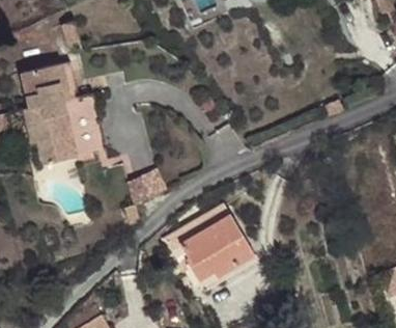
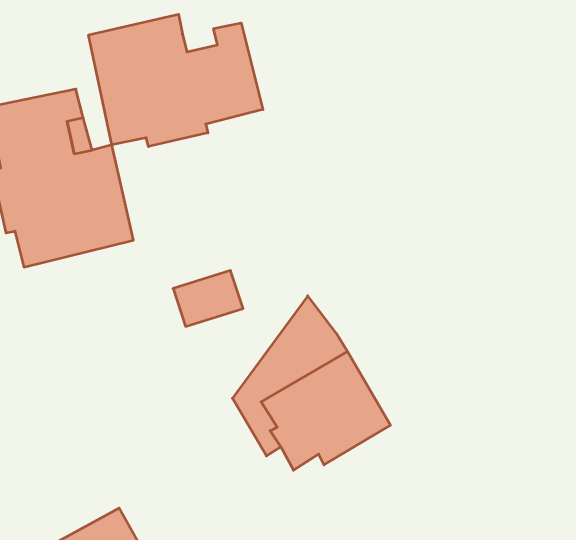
building: none -> [89,14,263,147]

